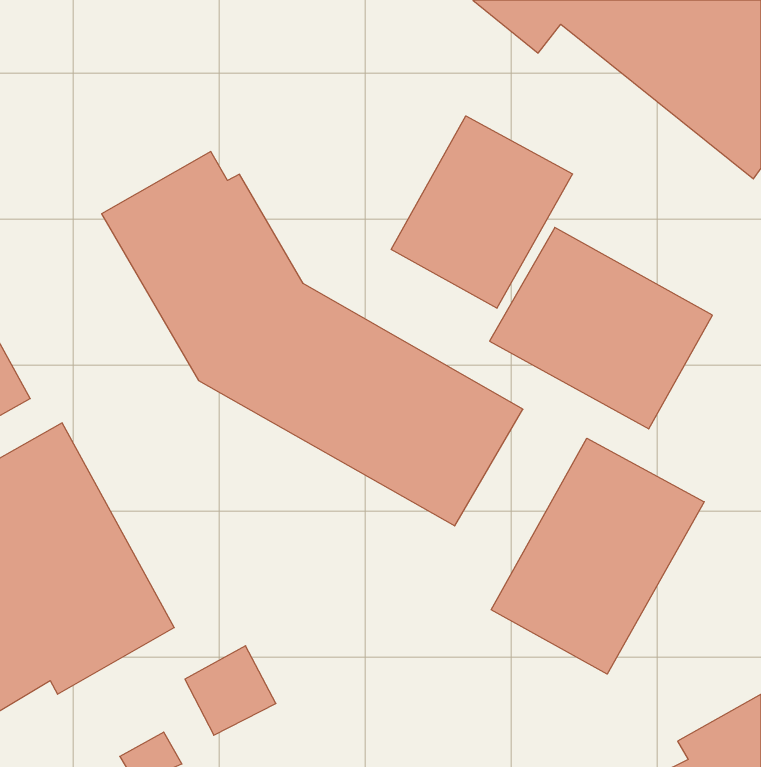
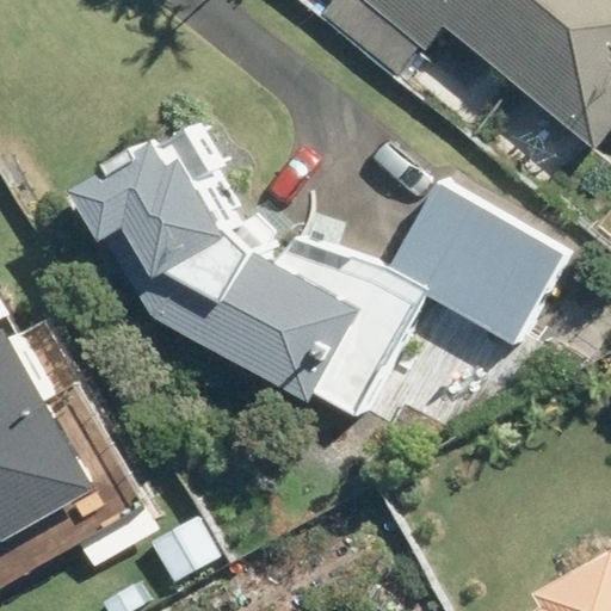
building: [391,116,573,308] -> none
building: [491,438,704,674] -> none

